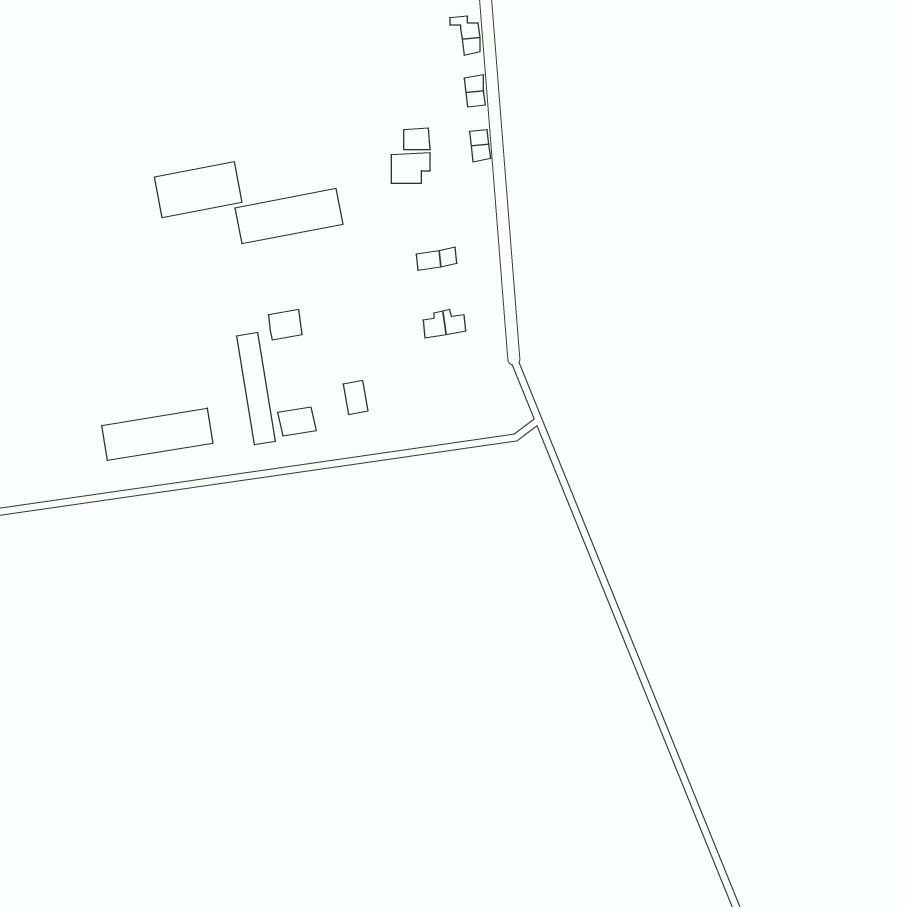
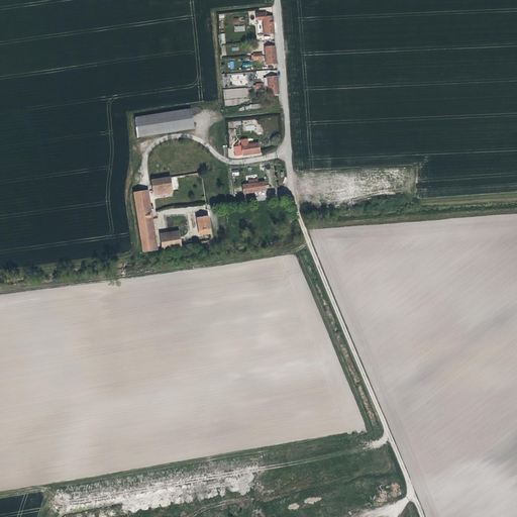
building: [155,162,242,218] -> none
building: [102,408,213,461] -> none

